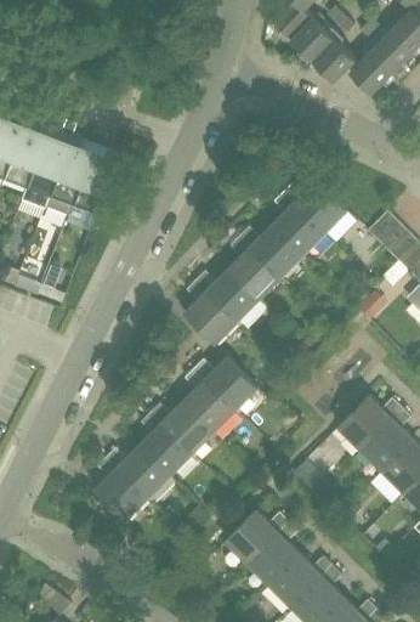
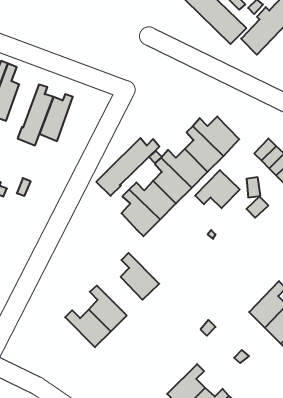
building: [24,121,74,197] -> none
building: none -> [96,138,159,196]
building: none -> [195,170,240,208]
building: [193,358,257,412] -> none
building: [336,397,401,451] -> none
building: [149,402,212,456] -> none
building: [93,458,147,522] -> none
building: [223,511,288,564] -> none

